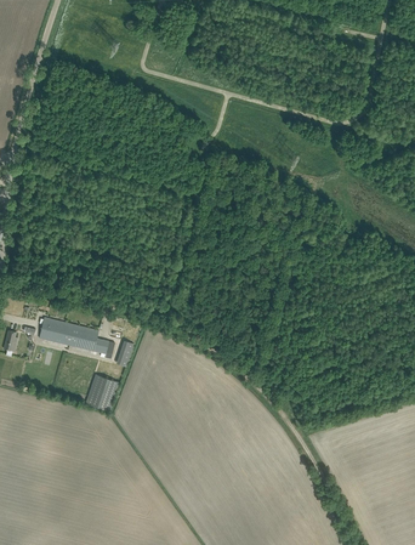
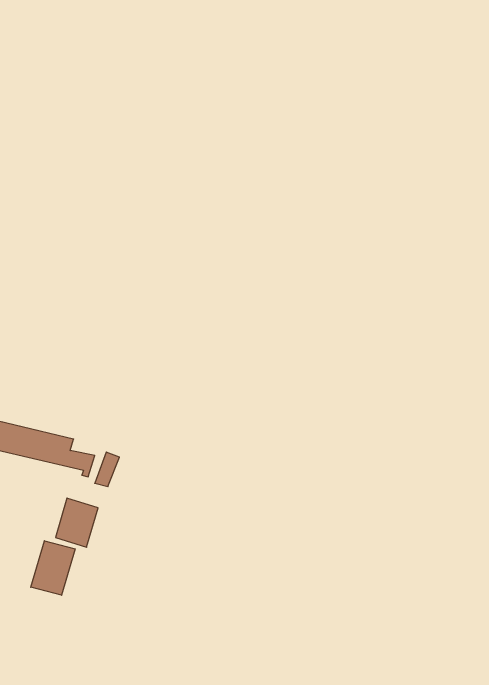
building: none -> [31,541,75,595]

